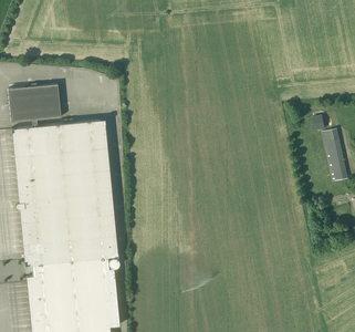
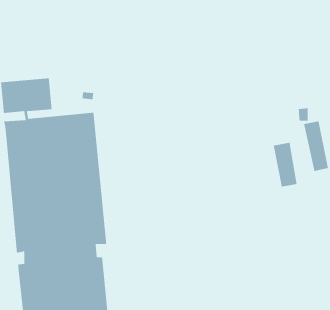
building: none -> [273,142,298,188]

